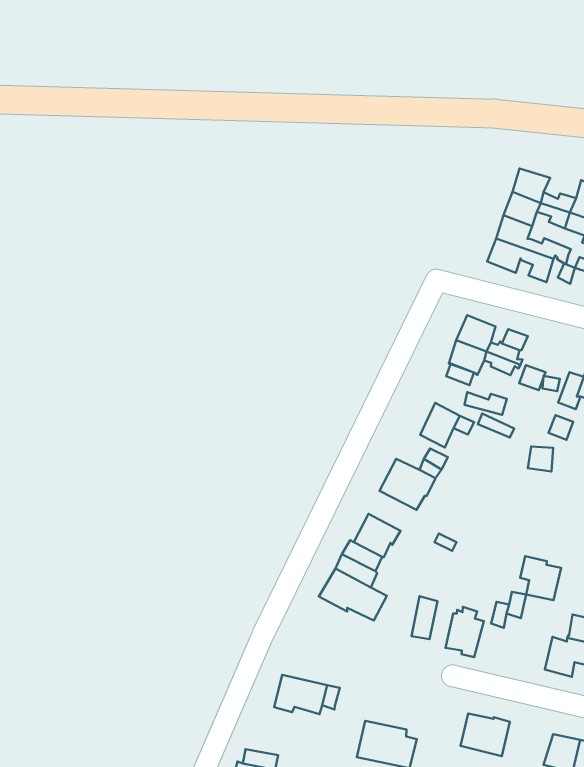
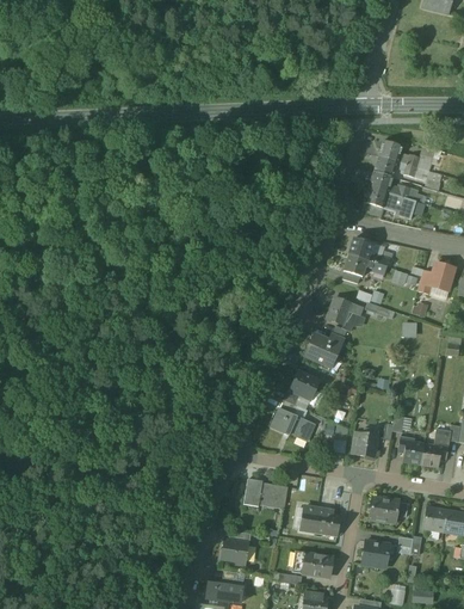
building: [520,556,561,600] -> [397,437,423,465]

